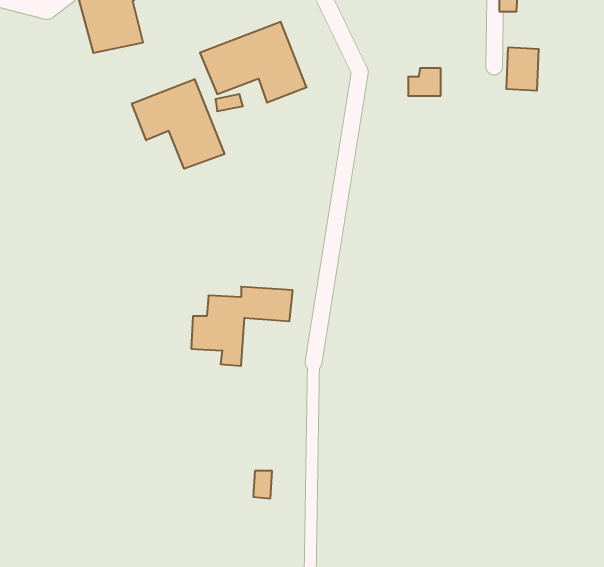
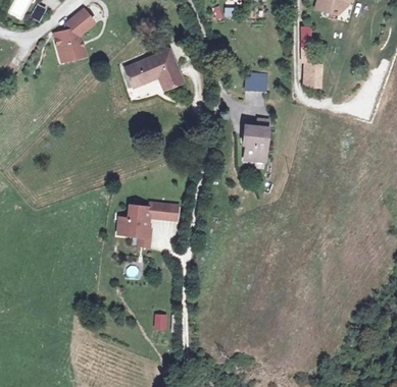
building: [132,79,224,169] -> none
building: none -> [242,122,269,163]

